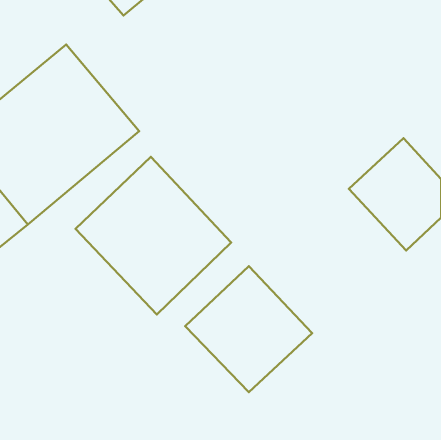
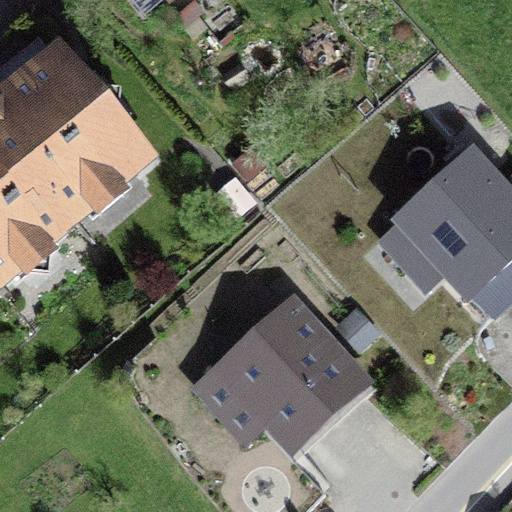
building: [75,157,231,315] -> none

